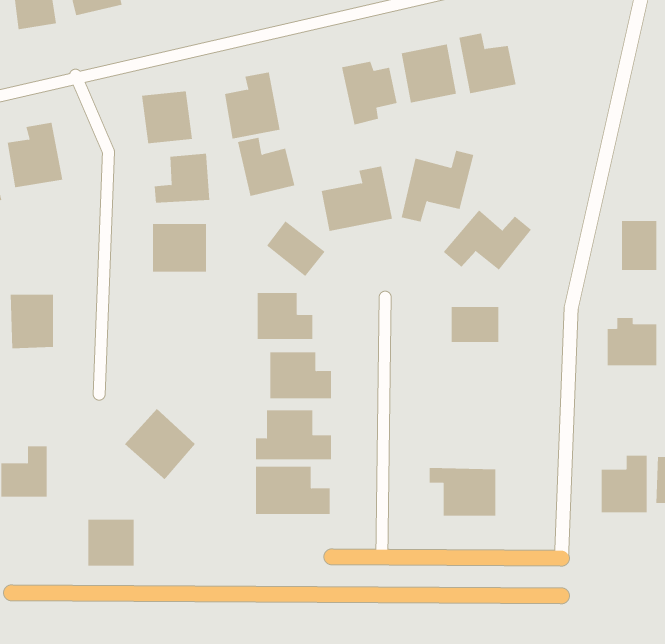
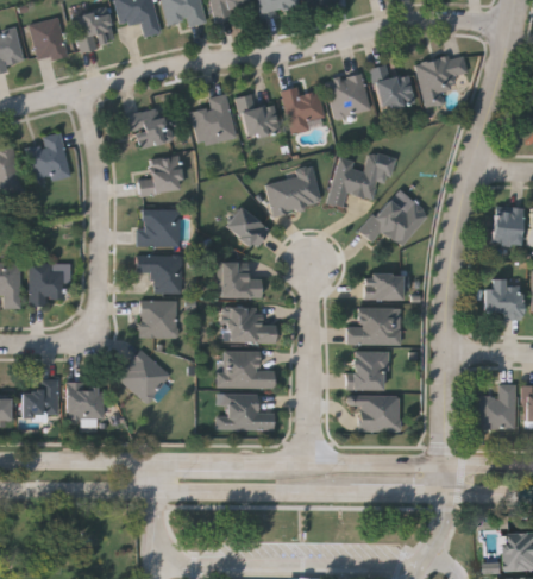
building: none -> [416,55,468,107]
building: [237,137,295,196] -> [237,94,281,139]
building: none -> [137,256,182,292]
building: none -> [140,300,178,336]
building: none -> [346,307,399,345]
building: none -> [352,352,385,391]
building: [88,519,135,566] -> [68,383,104,418]

